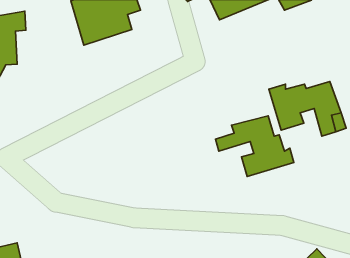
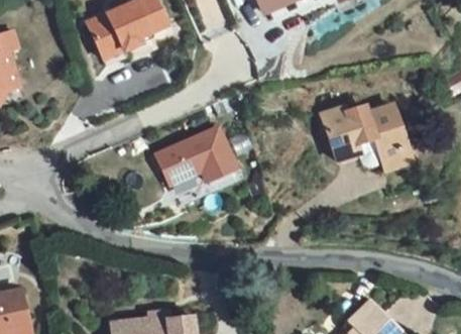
building: none -> [145,126,224,183]
building: [216,116,294,176] -> none

